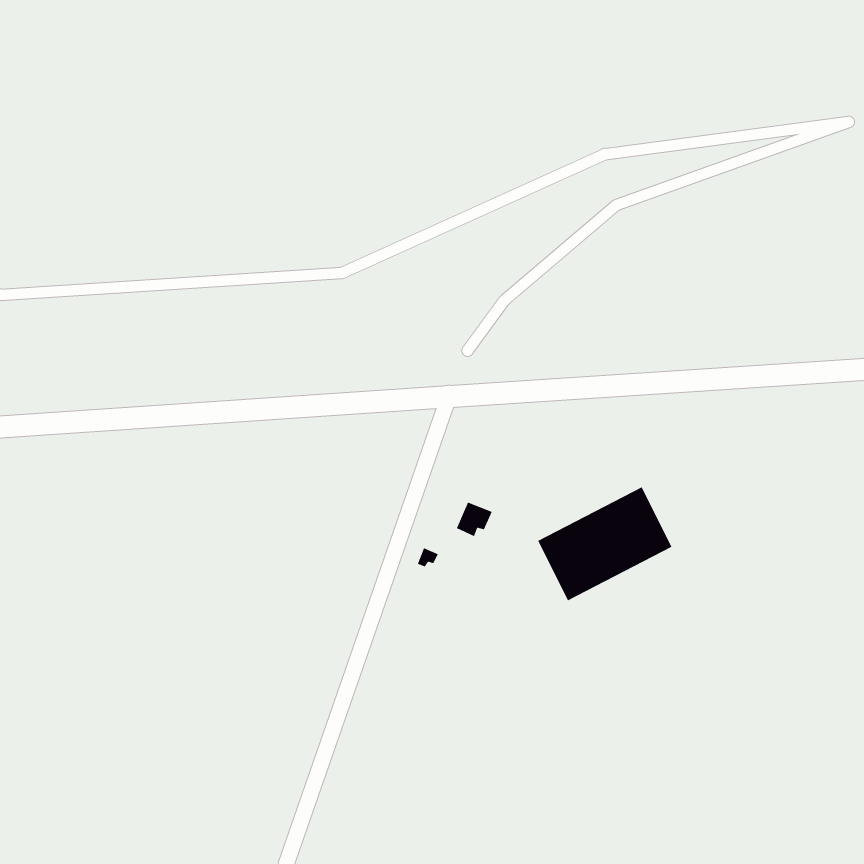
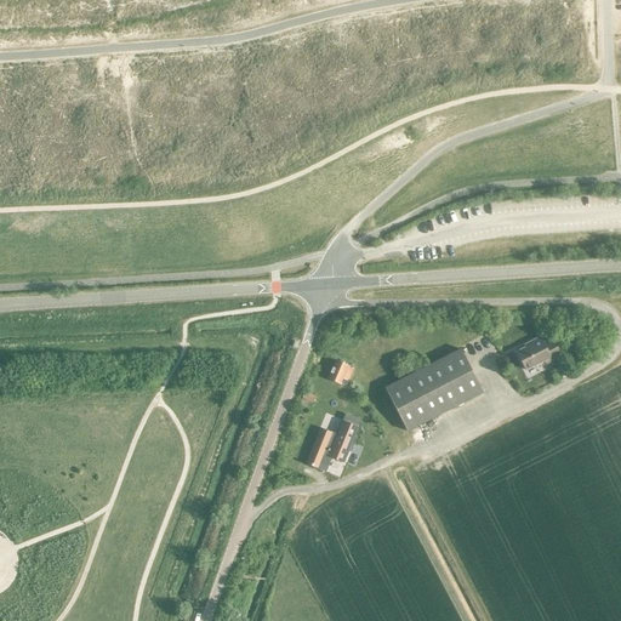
building: none -> [517,336,562,369]
building: none -> [306,420,359,466]

